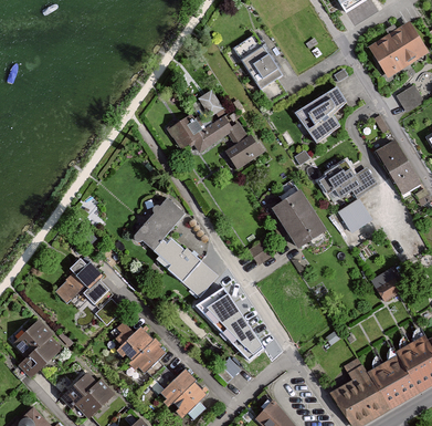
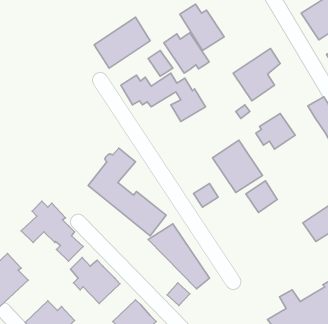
building: none -> [94,17,150,68]
building: none -> [164,33,209,73]
building: [337,200,372,236] -> [246,181,277,212]

